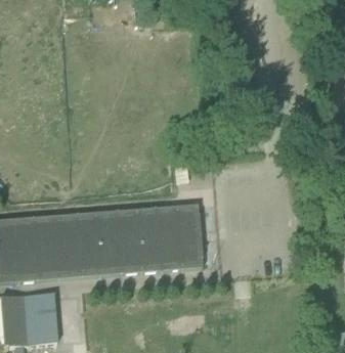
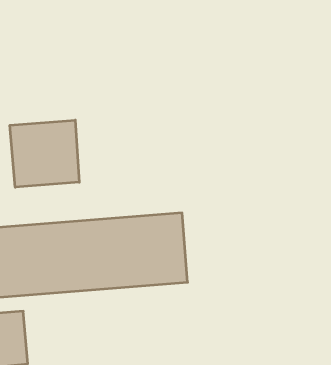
building: none -> [10,120,79,187]

